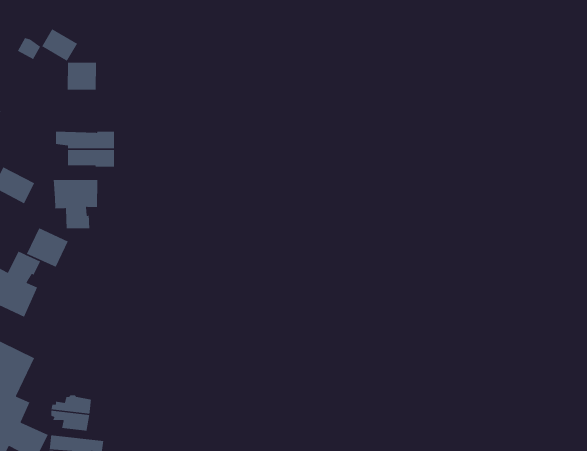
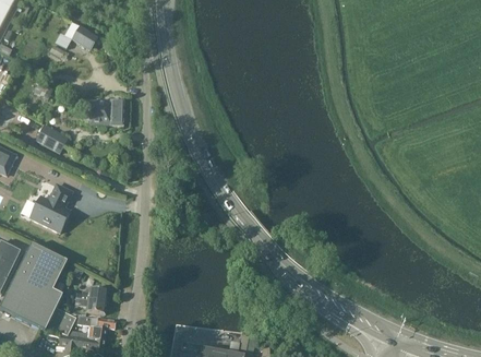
building: [67,62,97,90] -> none
building: [53,179,98,229] -> none
building: [26,227,69,268] -> none

